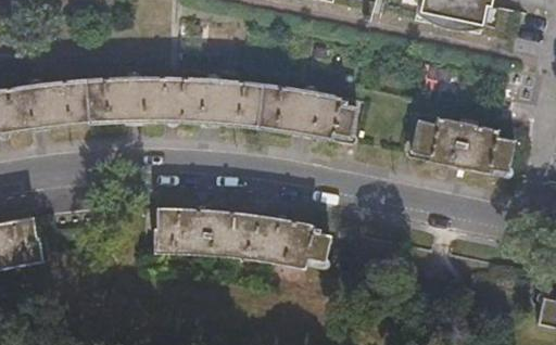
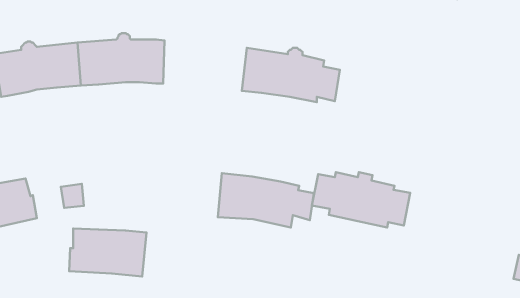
building: [175,71,262,128] -> none
building: [414,117,516,175] -> [312,172,410,227]
building: [155,209,236,259] -> [69,228,146,277]

